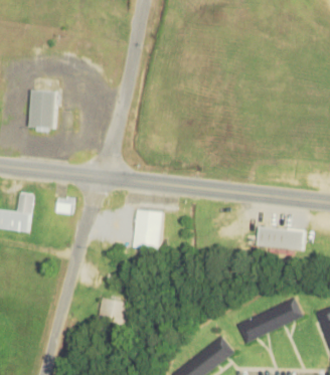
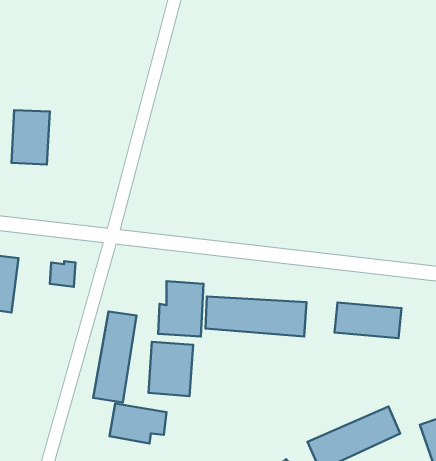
building: none -> [206,296,307,336]
building: none -> [93,311,137,403]
building: none -> [148,342,193,396]

